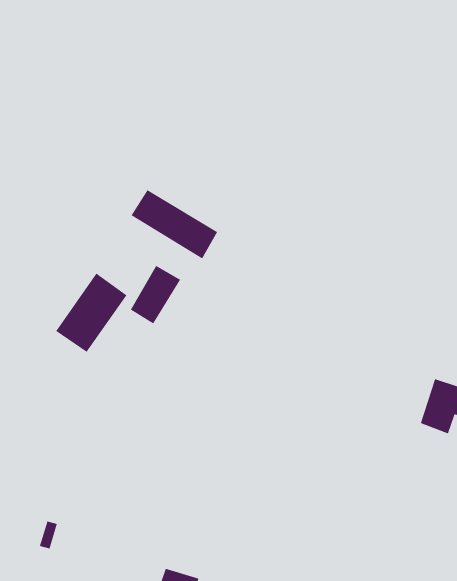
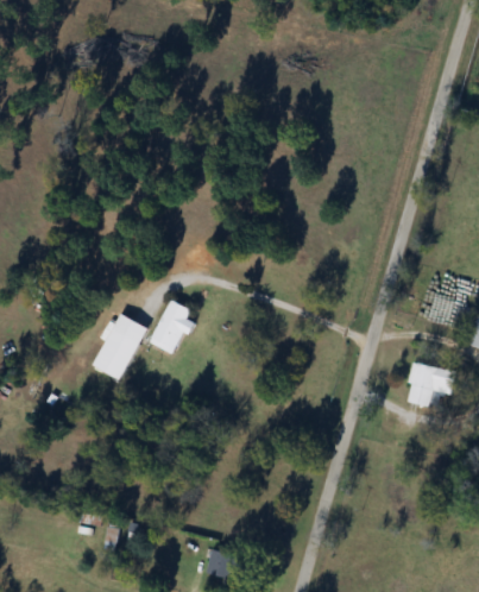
building: [131,189,218,260] -> none

